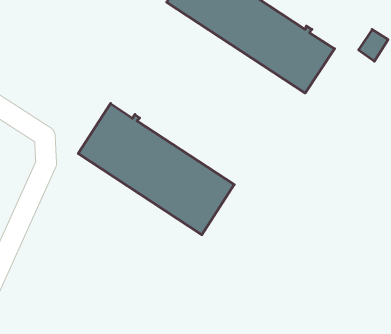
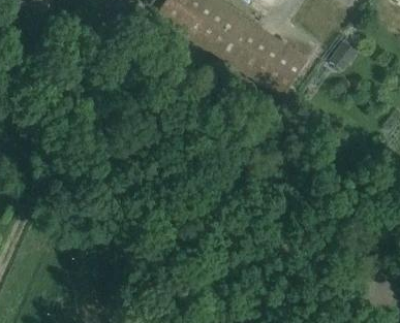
building: [78,103,234,235] -> none

